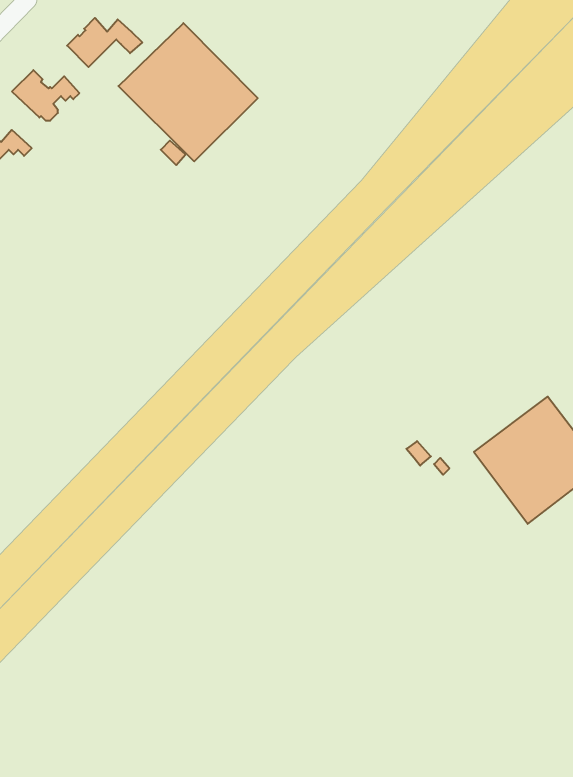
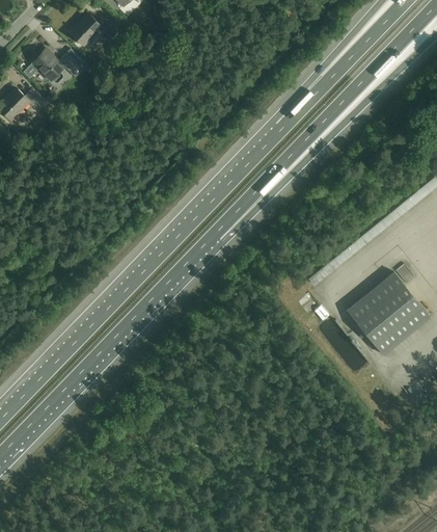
building: [118,23,258,161] -> none

